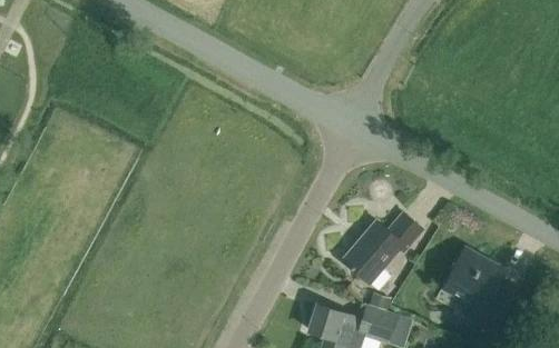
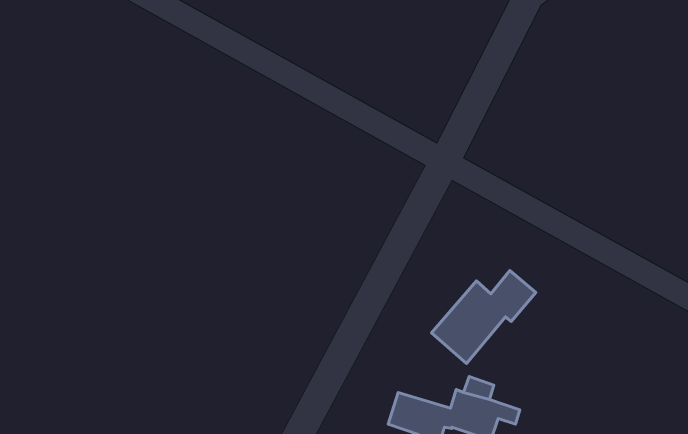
building: [445,248,514,331] -> none

